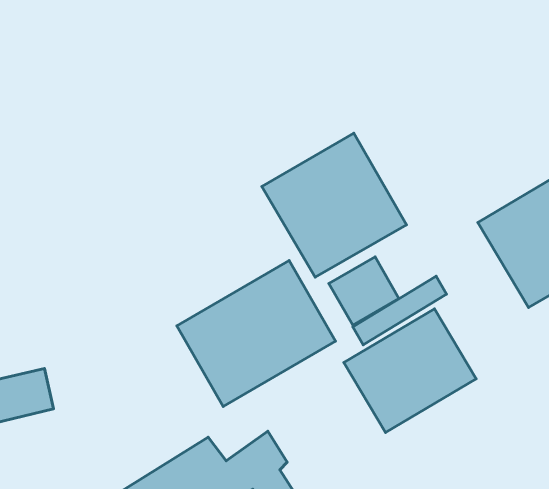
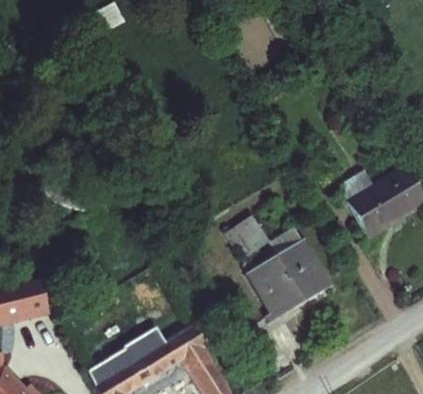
building: [262,133,407,277] -> none
building: [177,261,335,406] -> none

